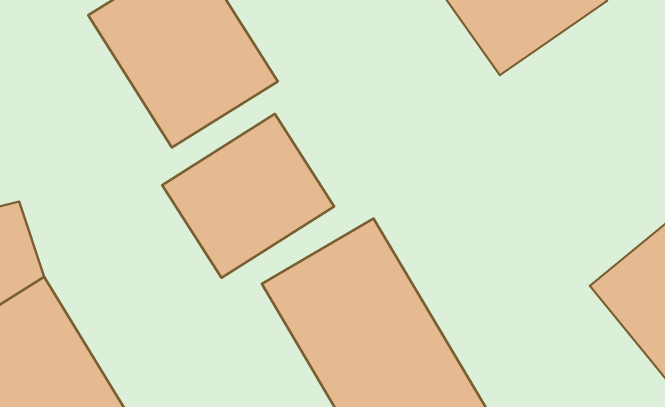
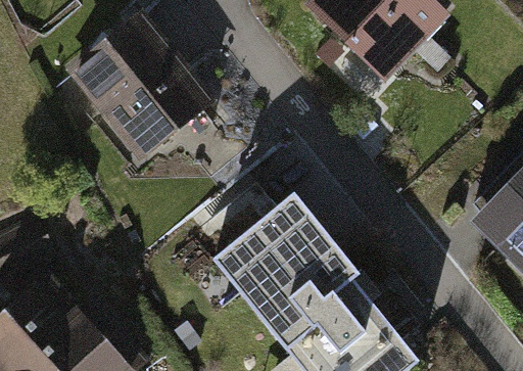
building: [162,114,334,278] -> none

